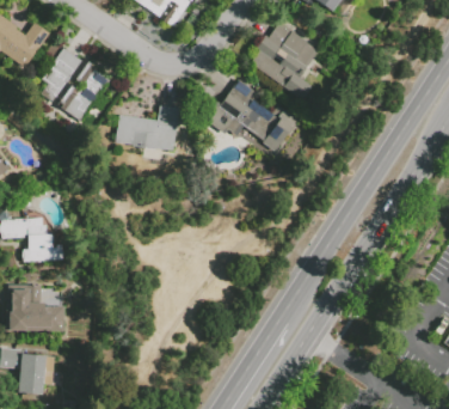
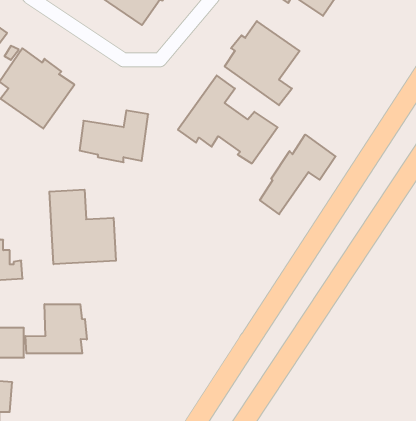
building: none -> [260,135,336,214]
building: none -> [49,190,116,264]
building: none -> [25,304,87,353]

